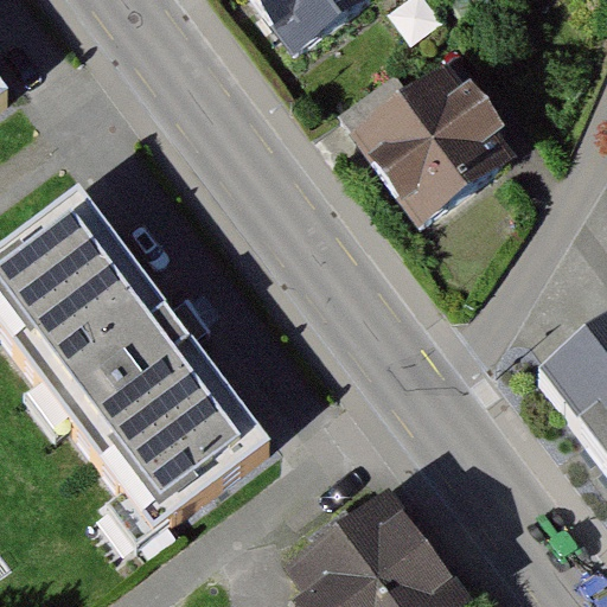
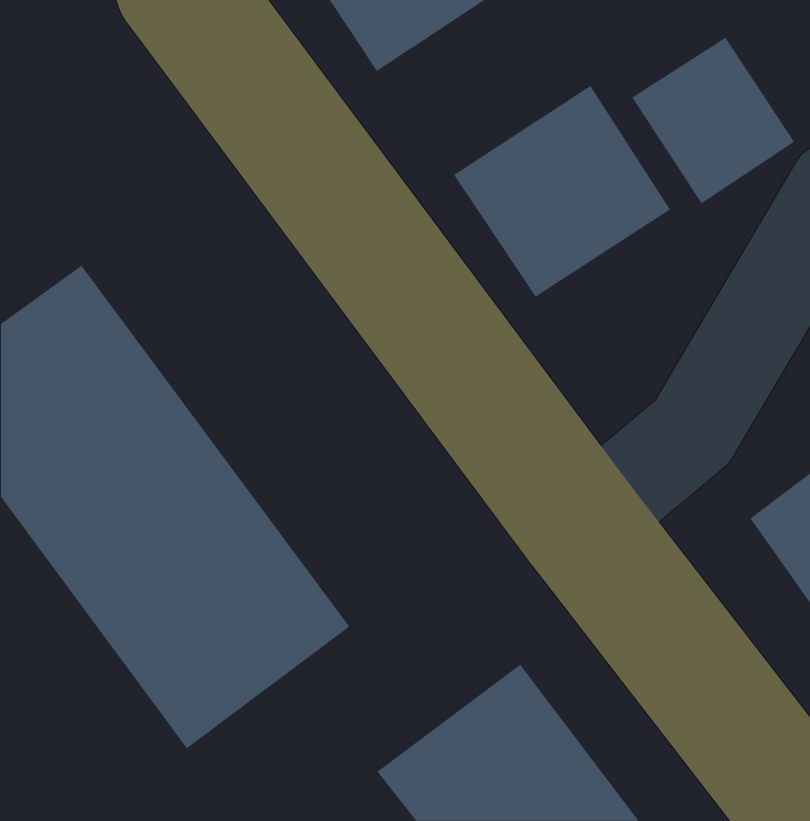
building: none -> [632,37,795,204]

